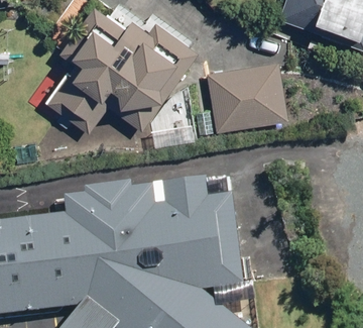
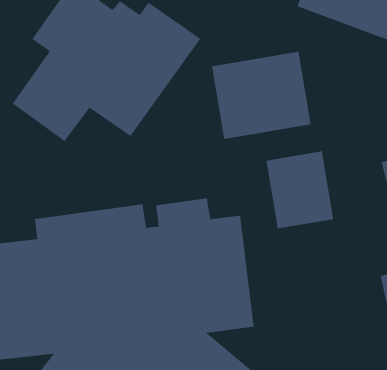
building: none -> [266,151,334,229]

